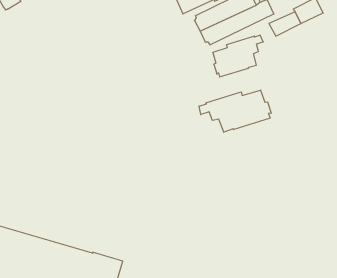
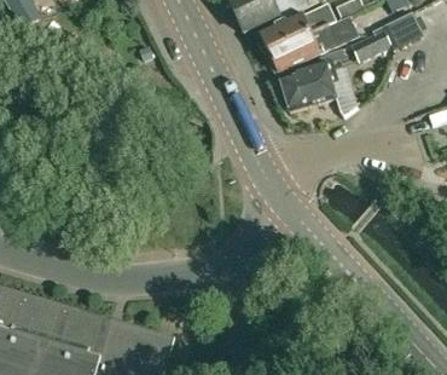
building: [199,90,271,132] -> none

